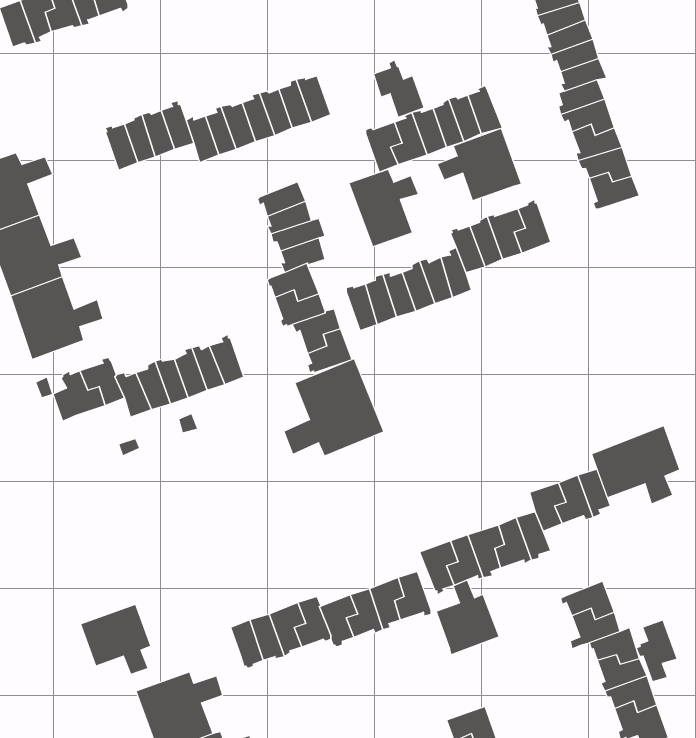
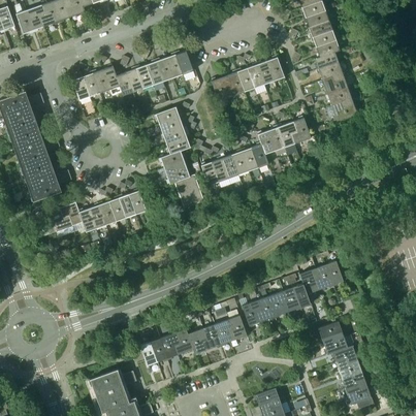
building: [373,60,424,117] -> none
building: [437,128,522,201] -> none
building: [349,169,418,247] -> none
building: [284,358,384,456] -> none
building: [592,426,680,504] -> none
building: [436,580,499,655] -> none
building: [80,604,151,674] -> none
building: [636,620,677,682] -> none

